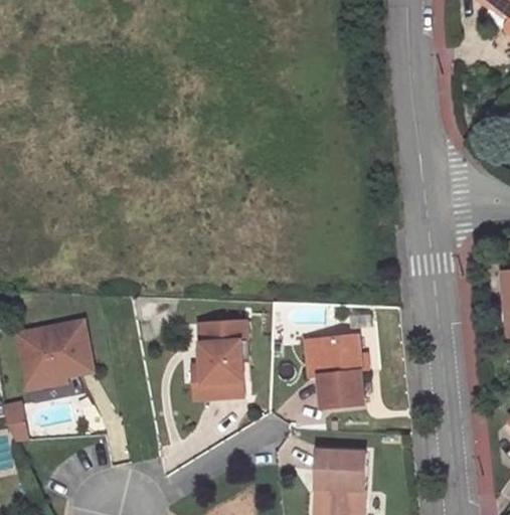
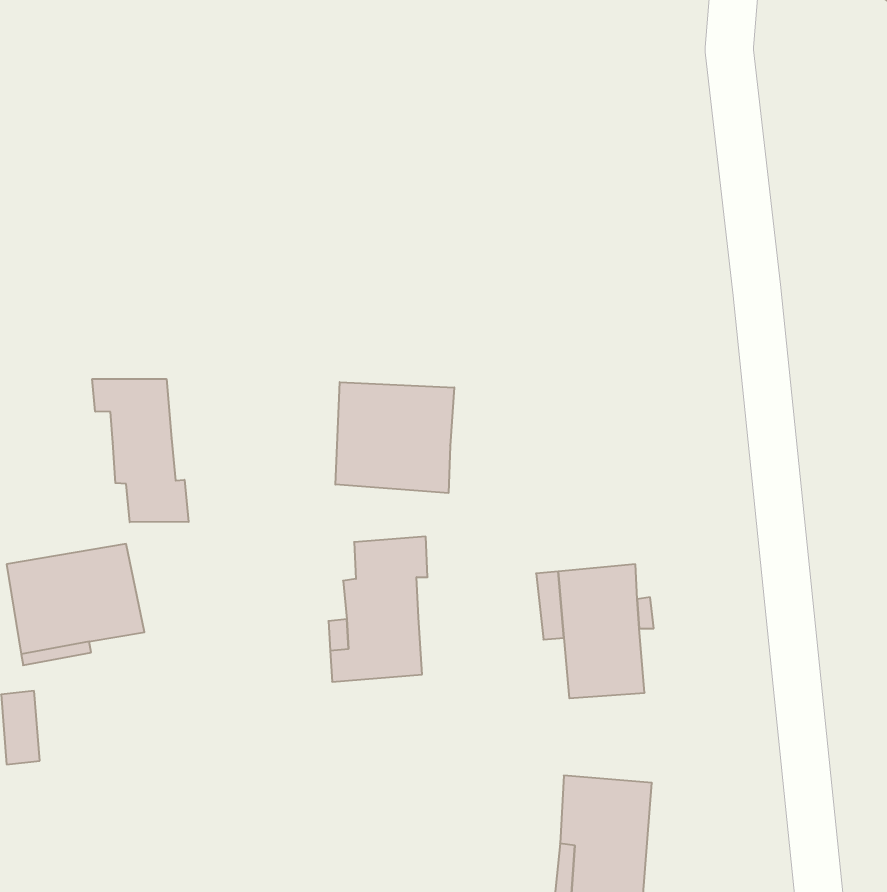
building: none -> [92,379,189,522]
building: none -> [335,382,454,493]

